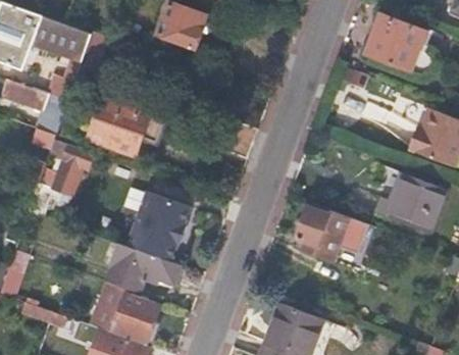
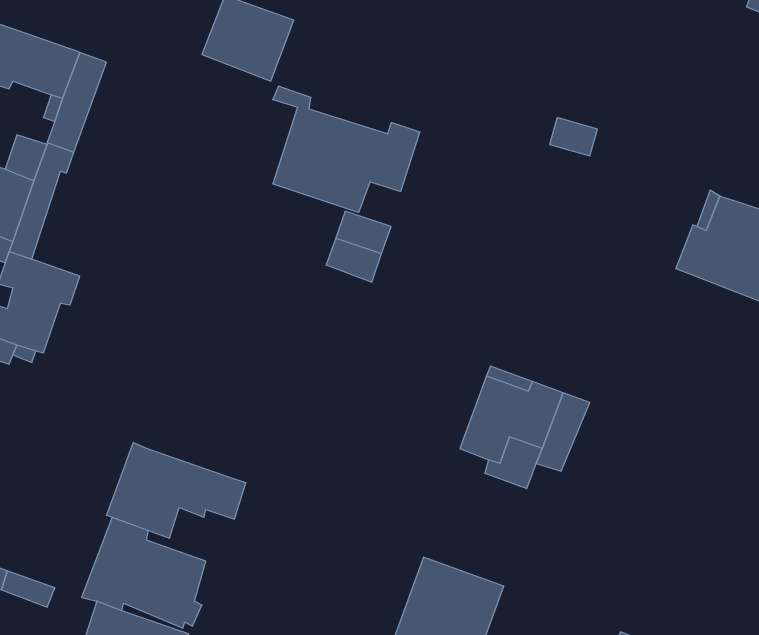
building: [366,14,425,70] -> none
building: [88,87,166,154] -> [273,86,420,212]
building: [386,173,444,235] -> none
building: [126,191,190,260] -> none

